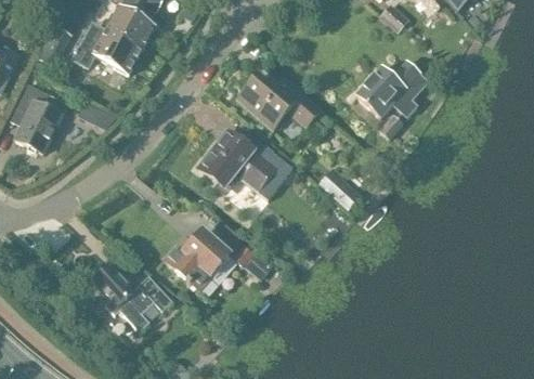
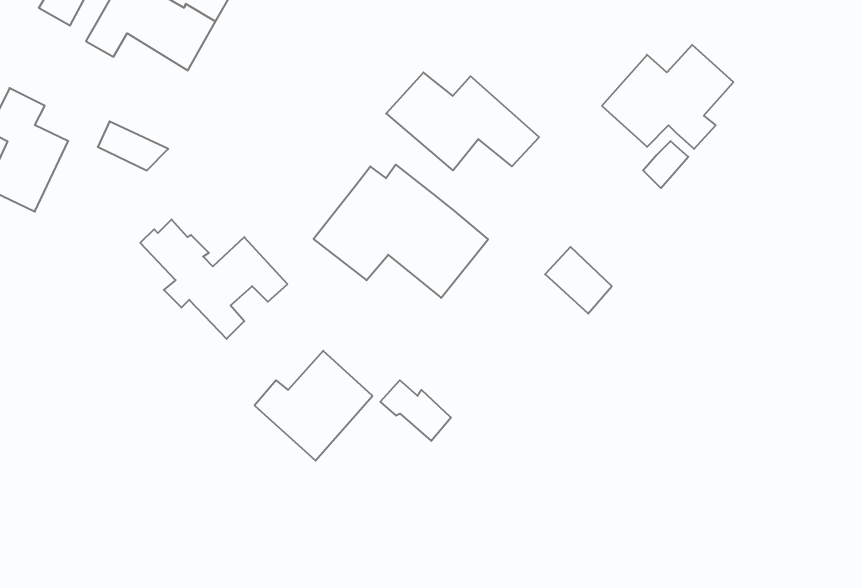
building: [92,264,173,330] -> [140,219,287,339]

